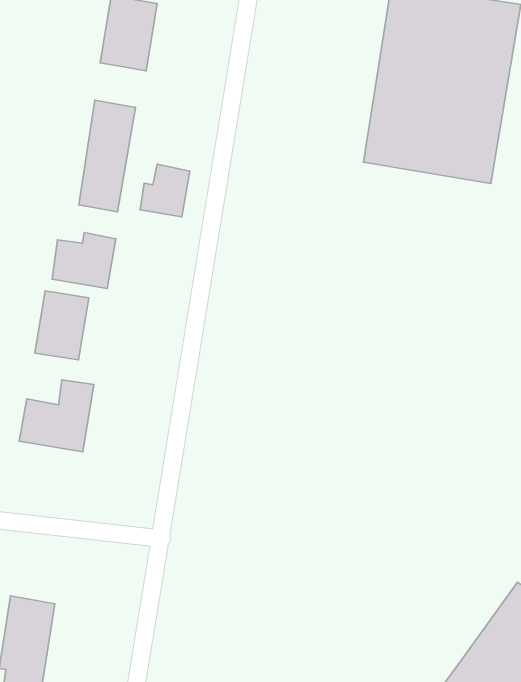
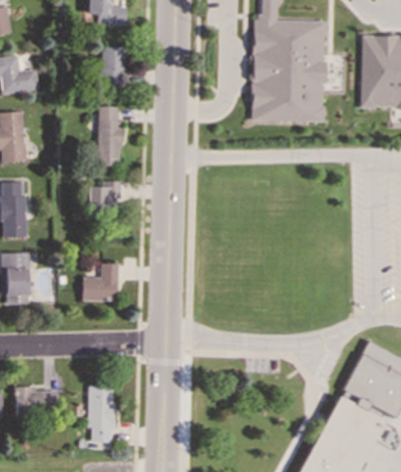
building: [140,164,190,217] -> none
building: [35,291,89,360] -> none

